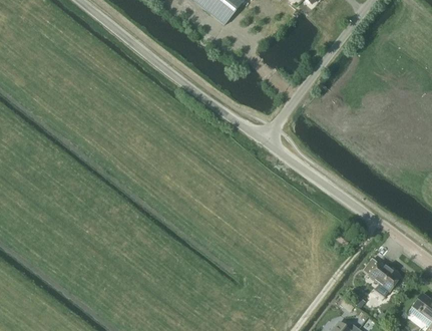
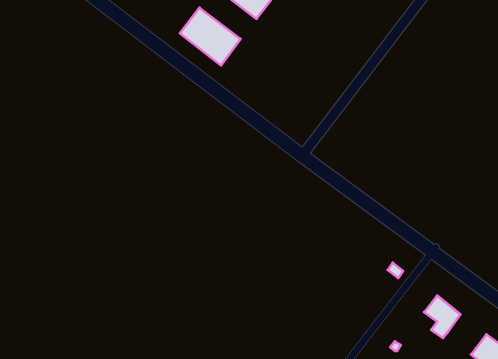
building: none -> [180,8,240,65]

